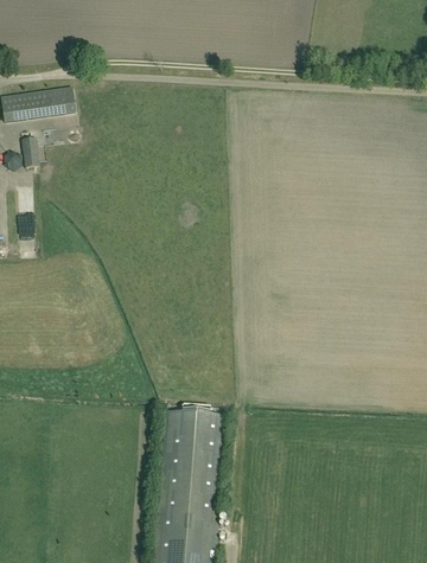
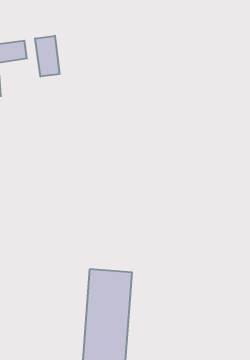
building: none -> [35,36,59,77]

